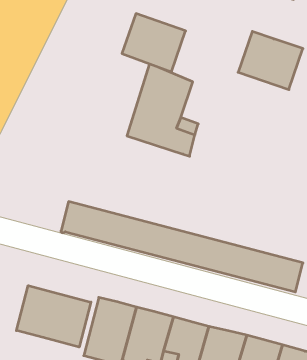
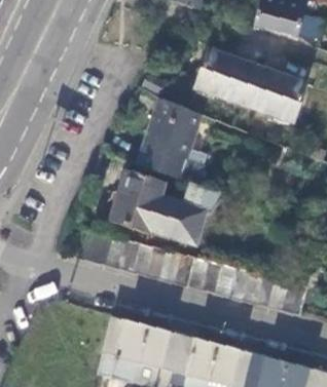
building: [122,14,186,72] -> [197,49,258,105]
building: none -> [111,170,228,243]
building: [16,286,91,347] -> none

